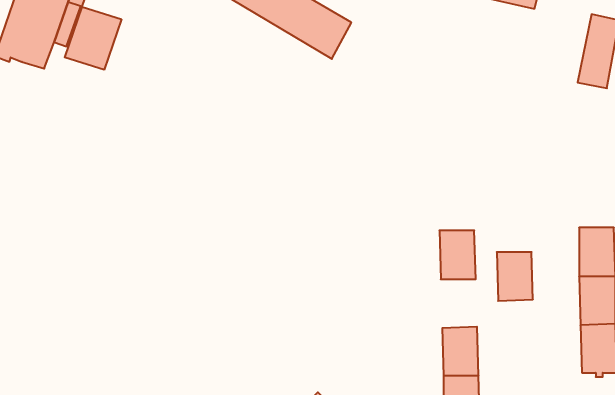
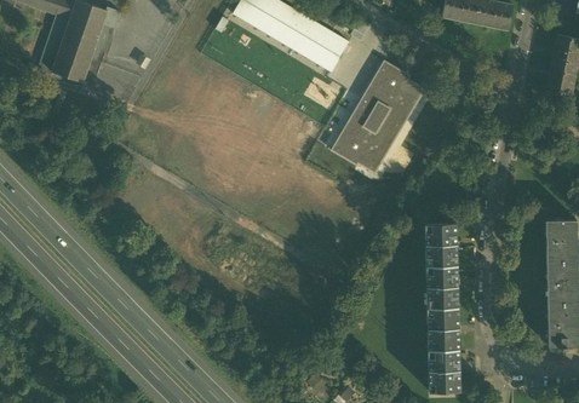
building: [65,7,121,70] -> none
building: none -> [332,61,425,173]
building: [497,252,533,301] -> [426,264,458,306]

